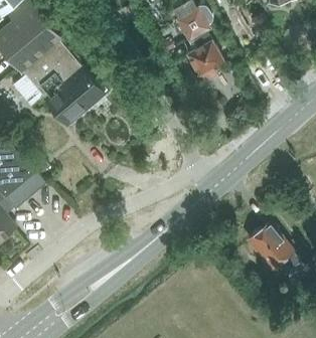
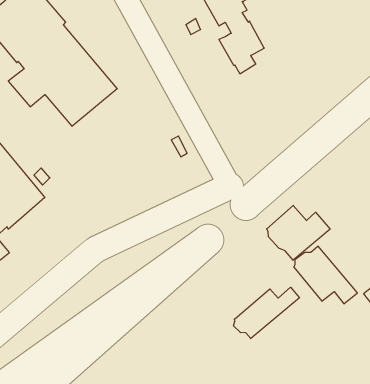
building: none -> [267,205,330,260]
building: none -> [234,287,299,339]

